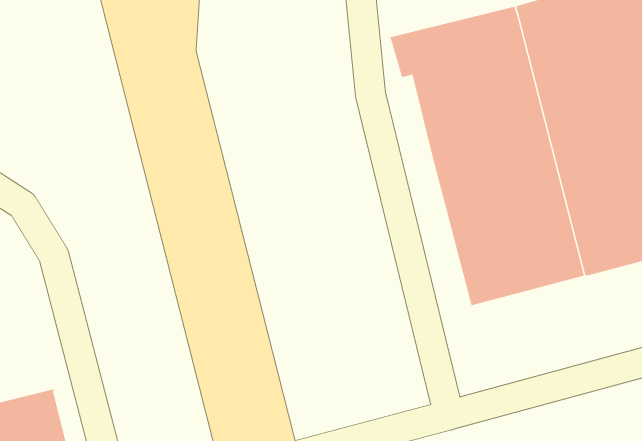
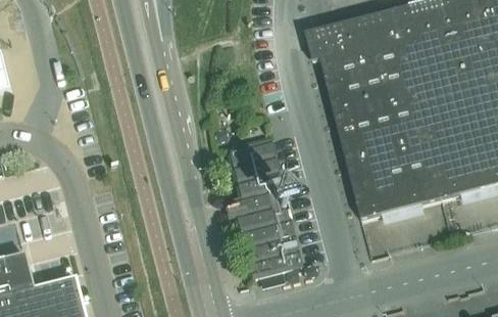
building: none -> [231,136,301,275]

